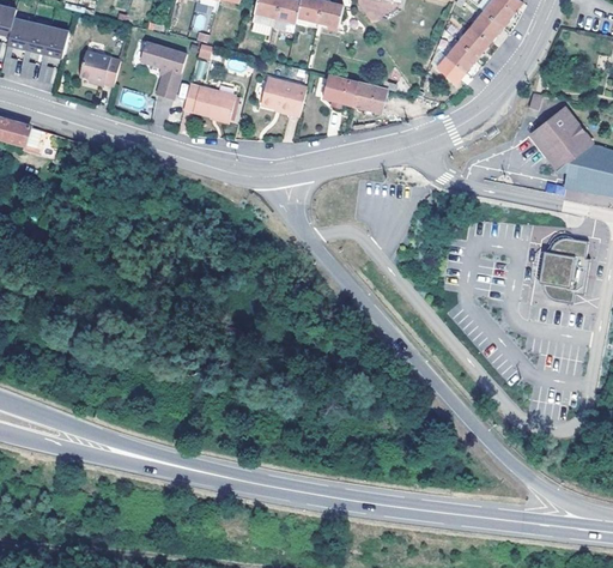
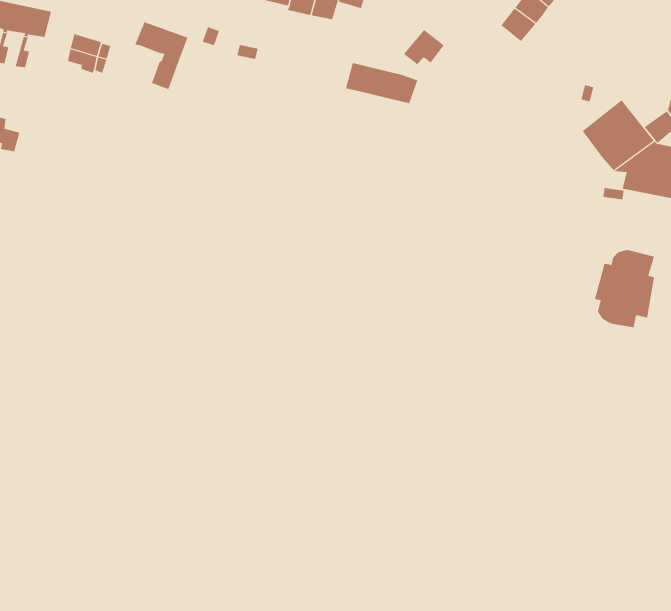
building: [439,42,475,73] -> [403,29,445,65]
building: [261,77,306,116] -> none
building: [181,81,233,116] -> none

